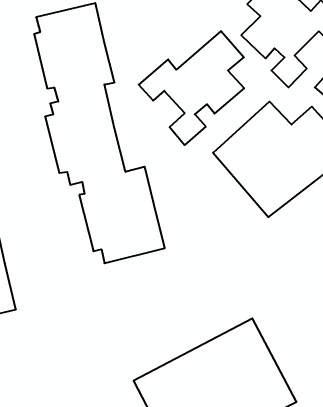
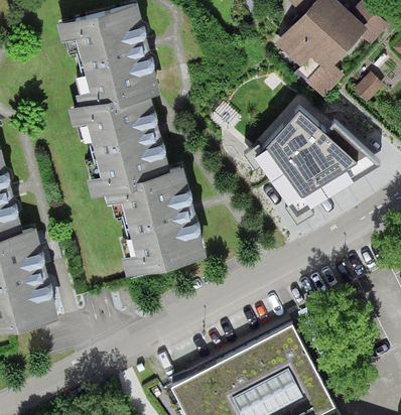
building: [139,31,244,145] -> none

